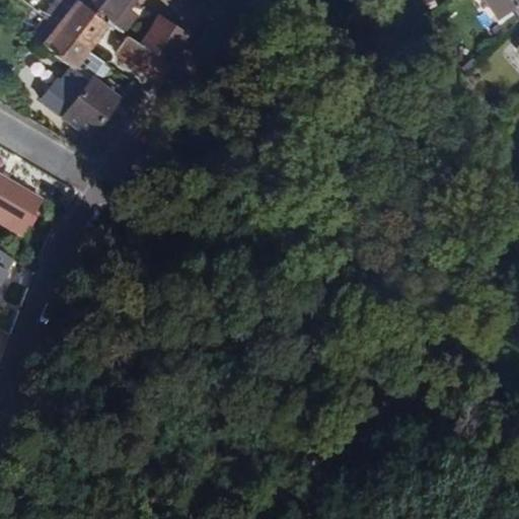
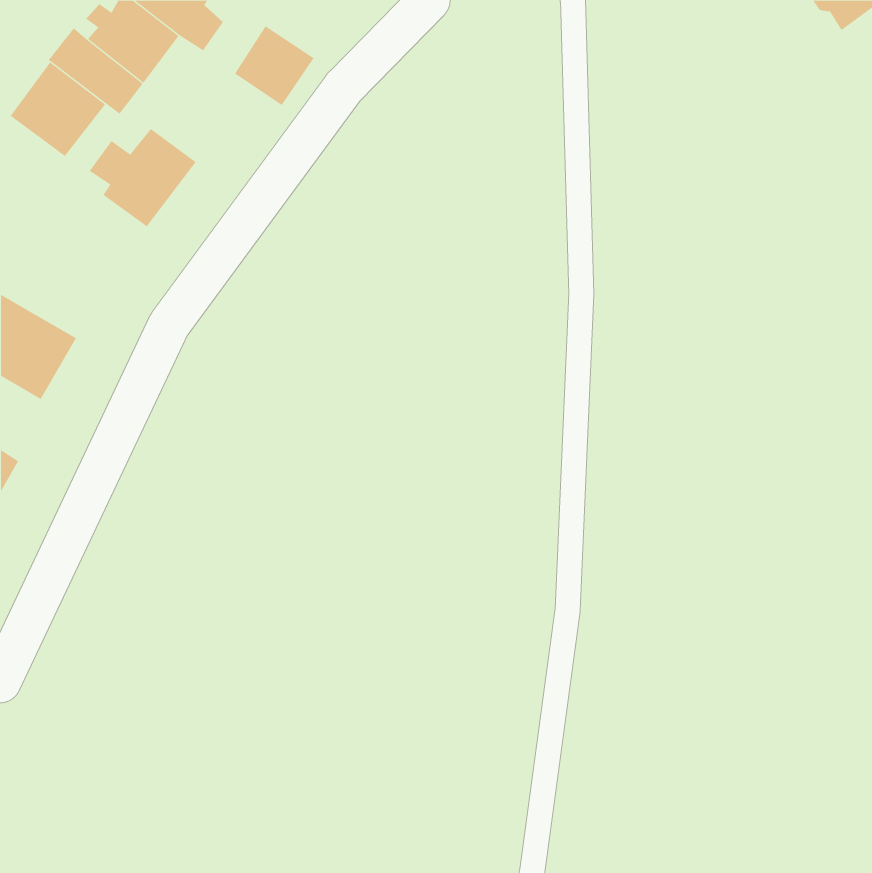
building: [117,34,168,79] -> none
building: none -> [10,62,106,157]

